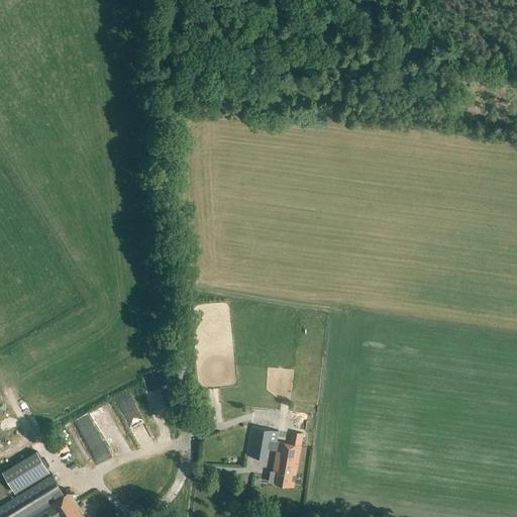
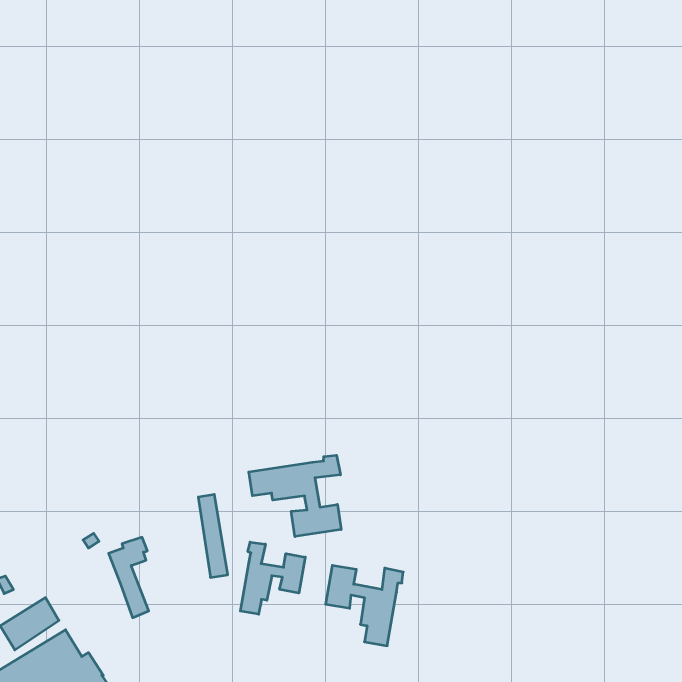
building: none -> [249,455,341,537]
building: none -> [240,542,305,614]

